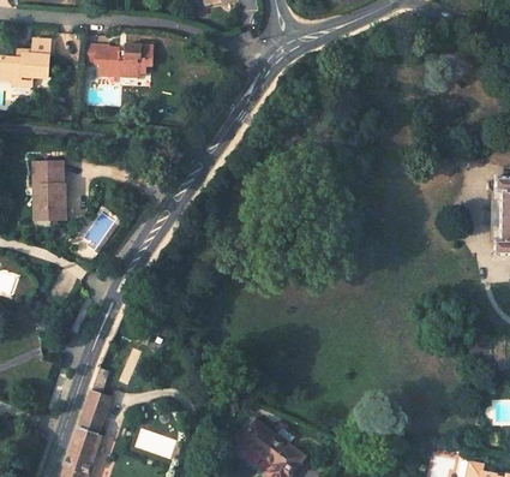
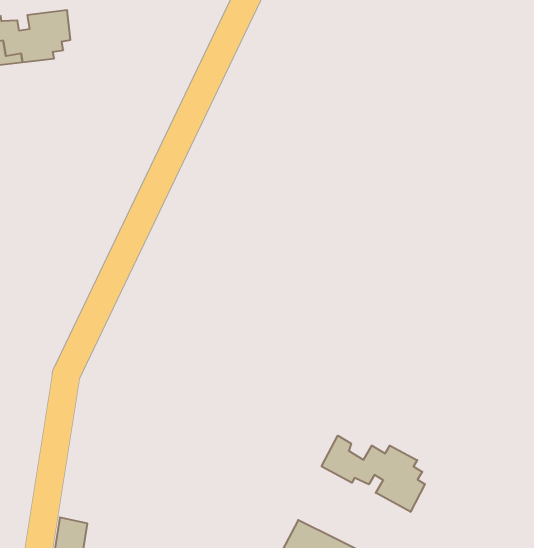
building: none -> [322,436,425,512]

